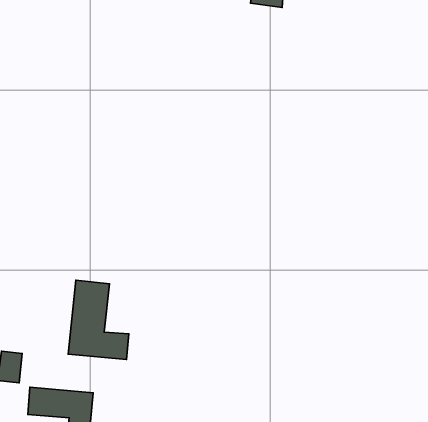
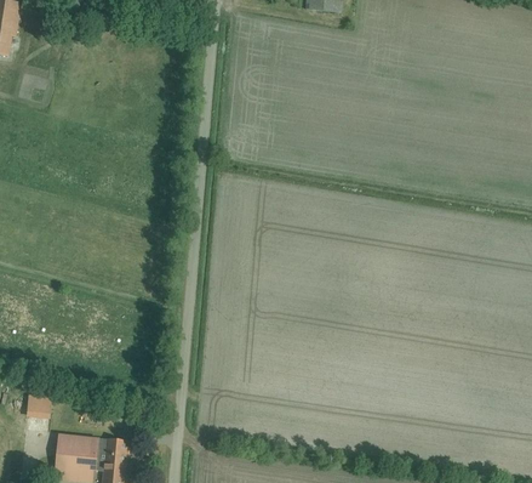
building: [68,280,129,360] -> none

